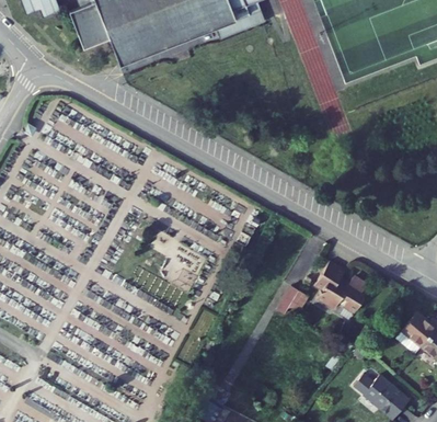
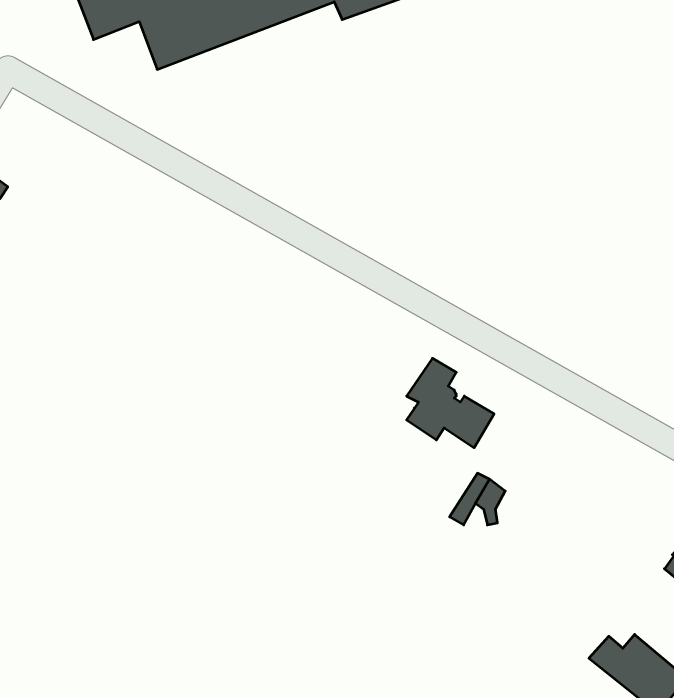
building: [319,264,367,313] -> [407,358,494,448]

